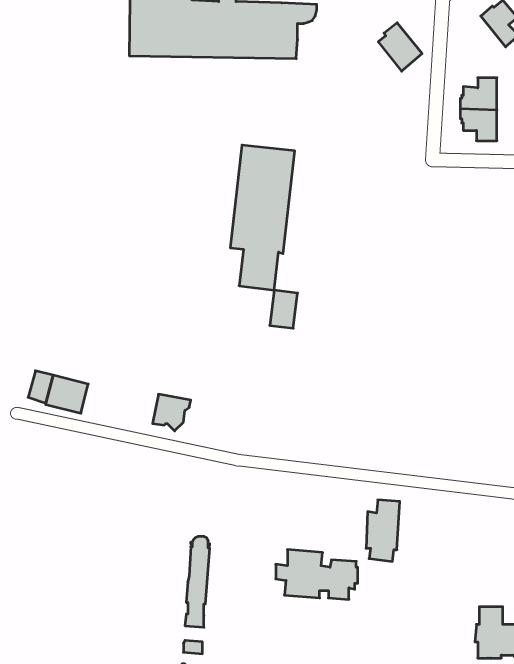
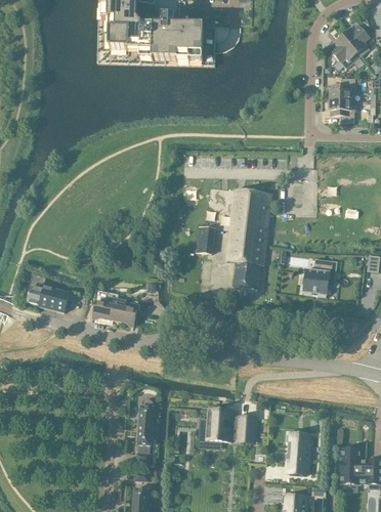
building: [378,23,422,71] -> [330,35,361,69]
building: [230,145,295,290] -> [226,189,271,291]
building: none -> [302,258,337,294]
building: none -> [93,294,118,319]
building: [366,500,400,561] -> [287,432,310,475]

